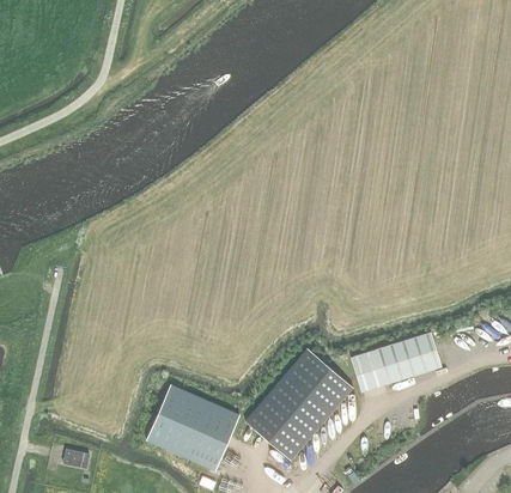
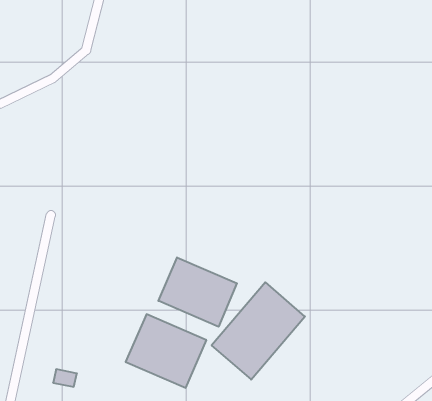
building: none -> [158,257,237,327]
building: [351,333,442,392] -> none

